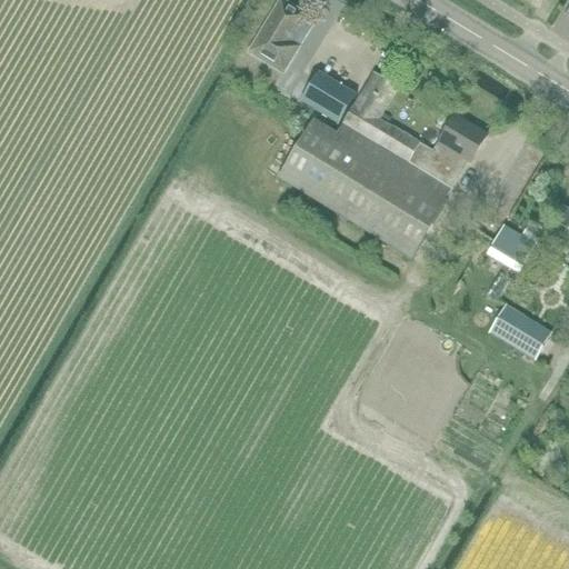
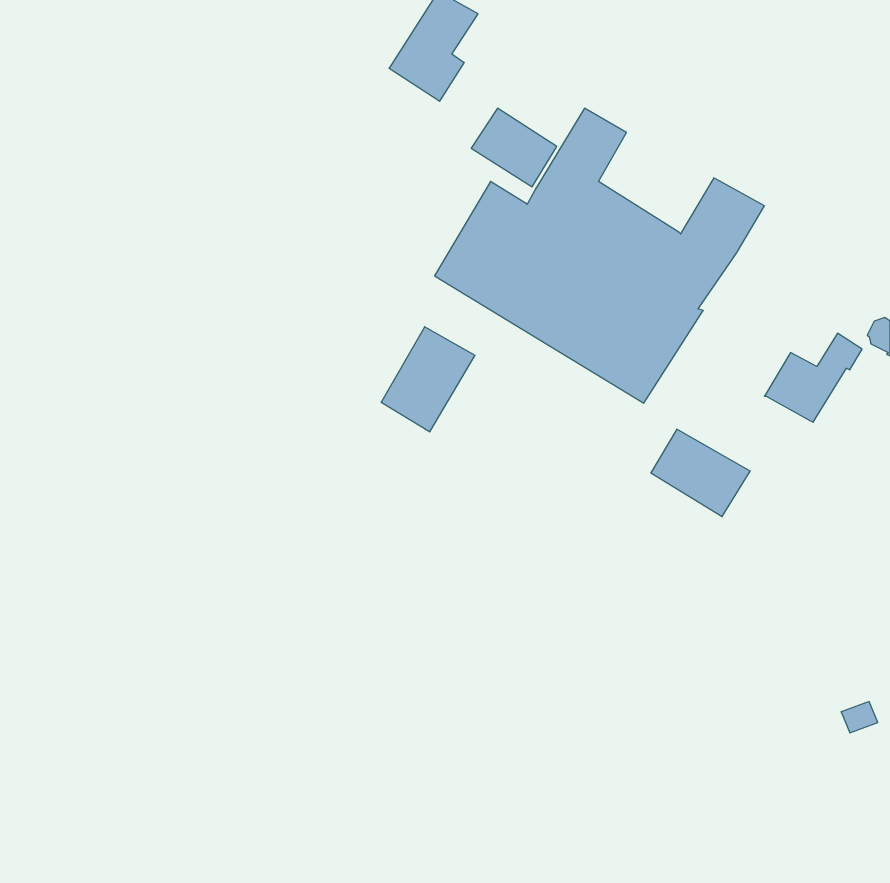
building: none -> [381,327,475,432]
building: [489,302,552,358] -> [651,429,750,517]

